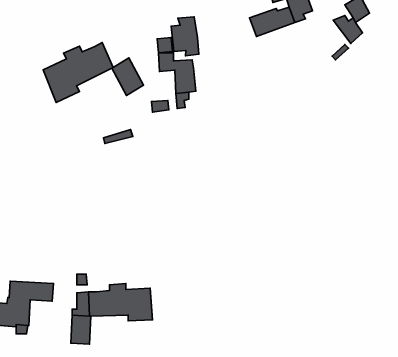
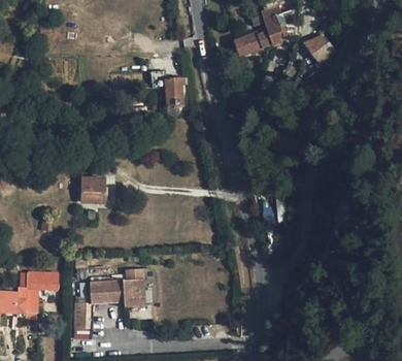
building: [171,17,199,56] -> none
building: [43,43,143,103] -> none
building: none -> [76,178,104,203]

